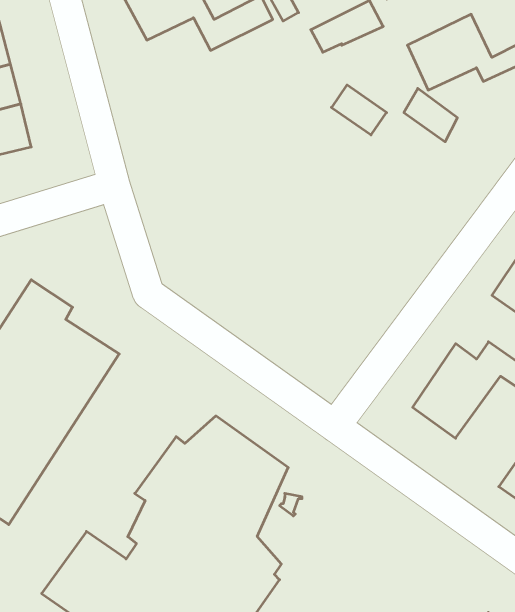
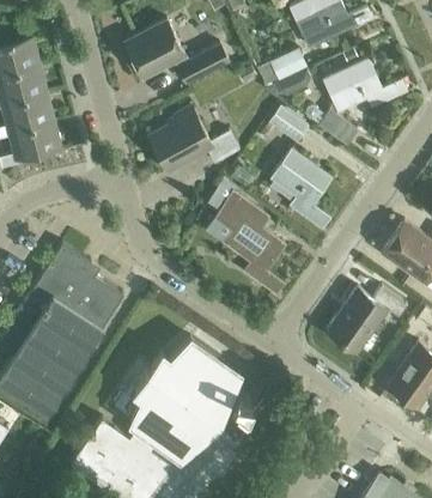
building: none -> [150,108,241,172]
building: none -> [273,150,331,226]
building: none -> [208,180,285,293]

